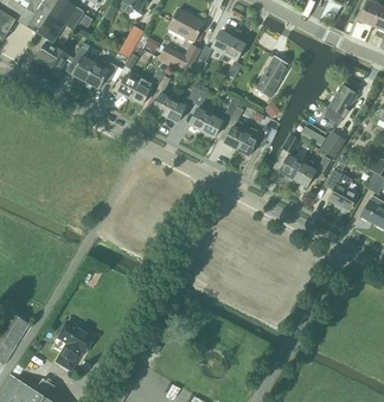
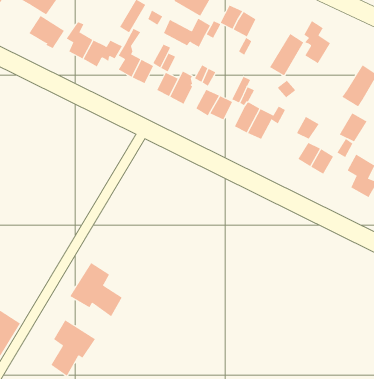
building: none -> [303,20,331,64]
building: none -> [70,262,122,317]

